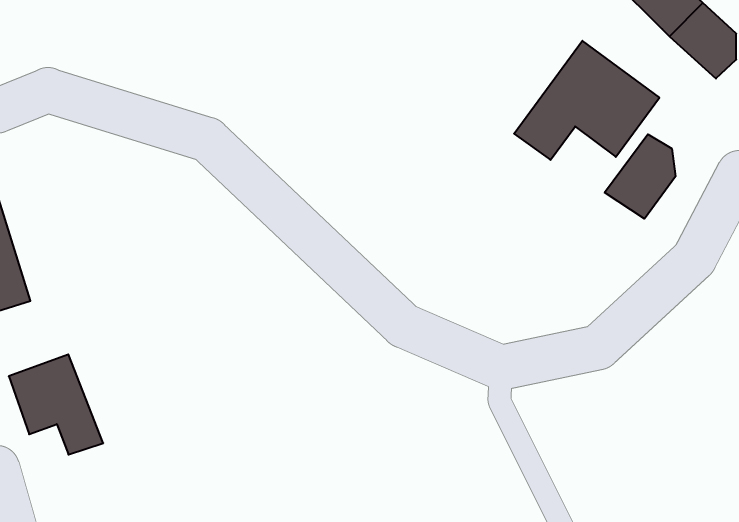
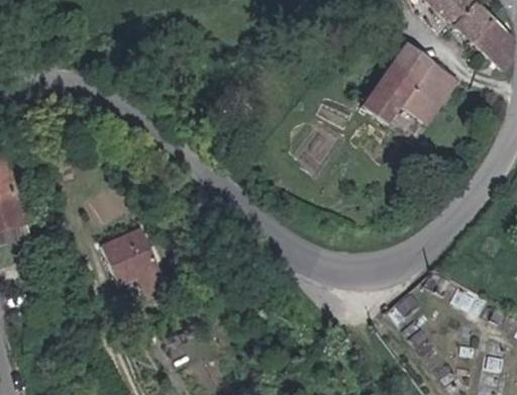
building: [605,134,675,219] -> none
building: [9,354,103,455] -> [108,228,174,298]

